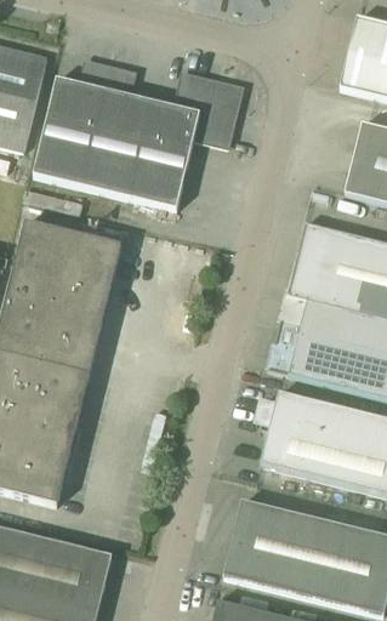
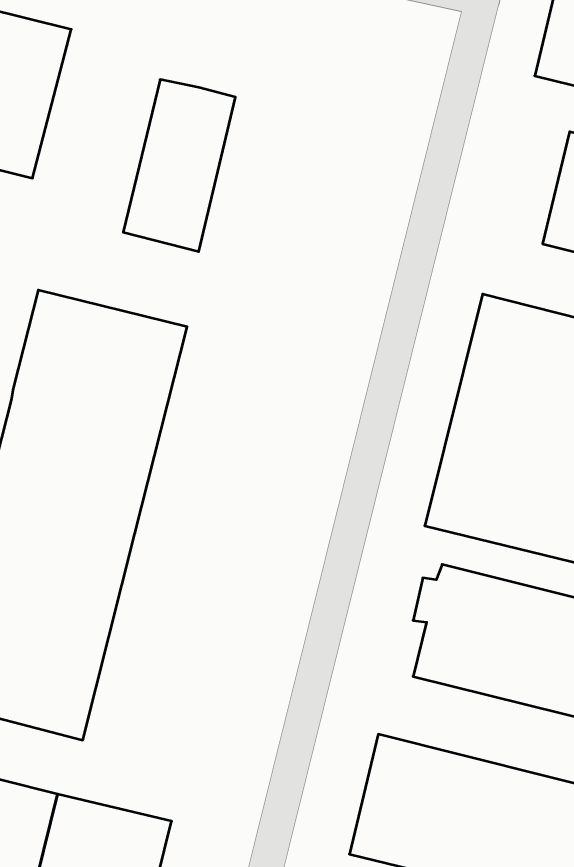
building: [32,59,133,184] -> none
building: [127,72,240,207] -> none

